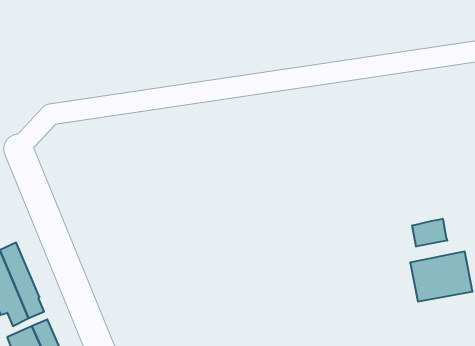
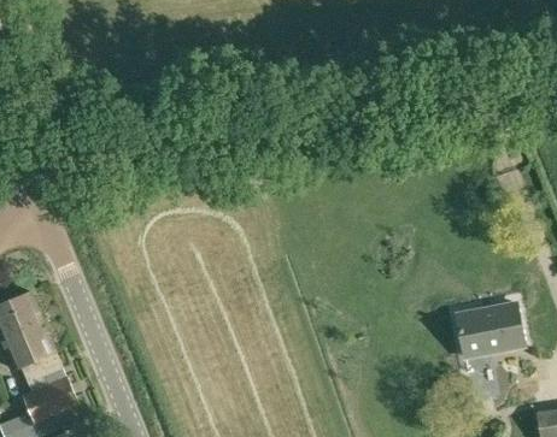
building: [412,219,447,247] -> none

